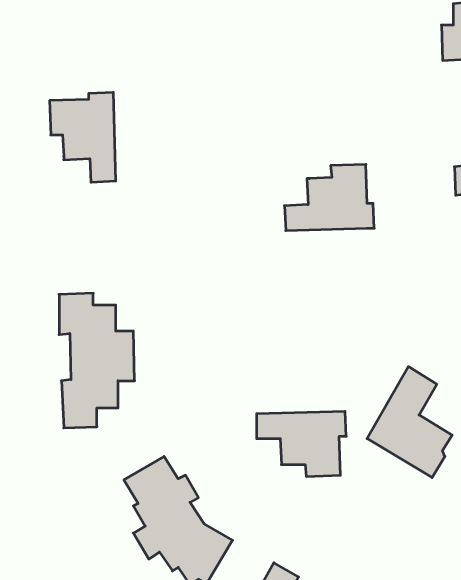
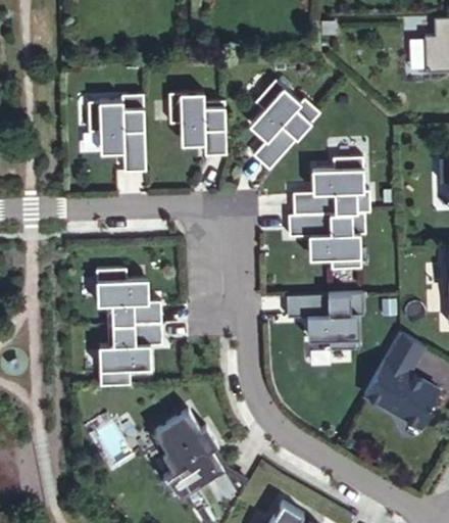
building: none -> [249,80,320,171]
building: none -> [169,91,227,155]
building: none -> [287,212,364,270]
building: [257,411,346,476] -> [286,294,363,350]

